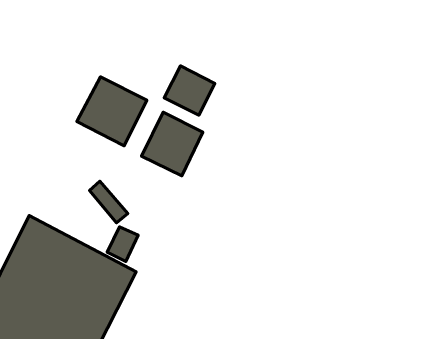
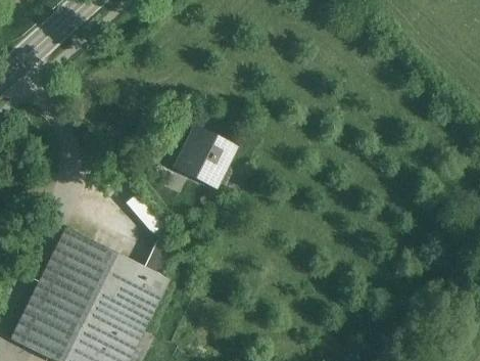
building: [164,66,215,115] -> none
building: [77,77,147,146] -> none

